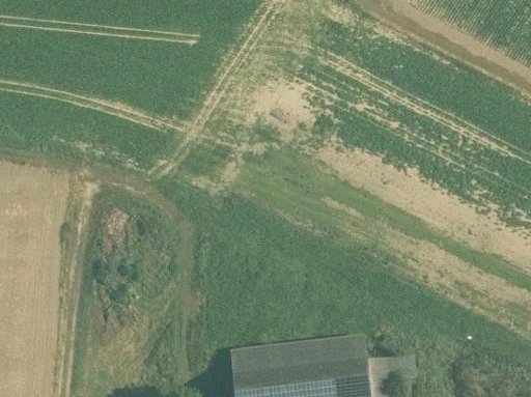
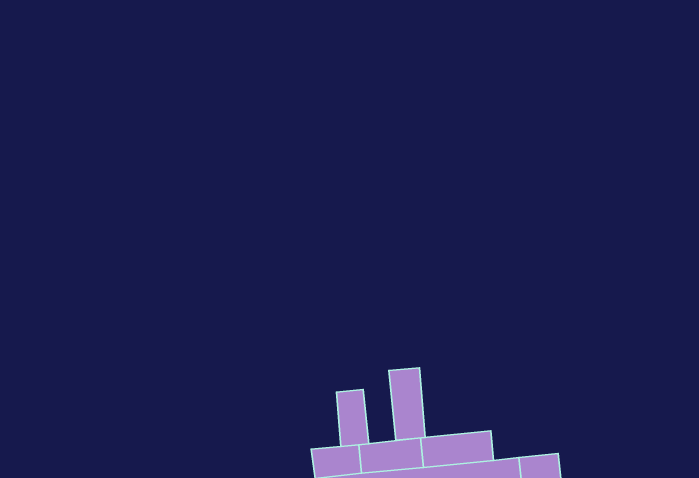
building: none -> [389,368,425,440]
building: none -> [337,390,369,447]

